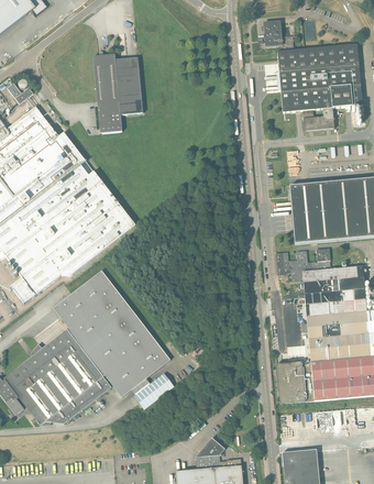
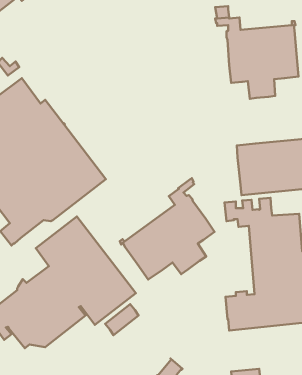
building: [94,54,143,133] -> none
building: none -> [120,178,214,280]

